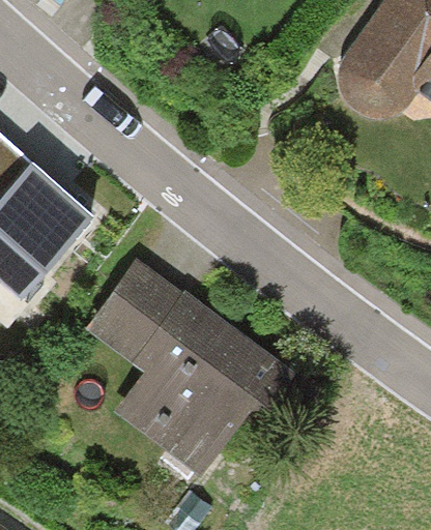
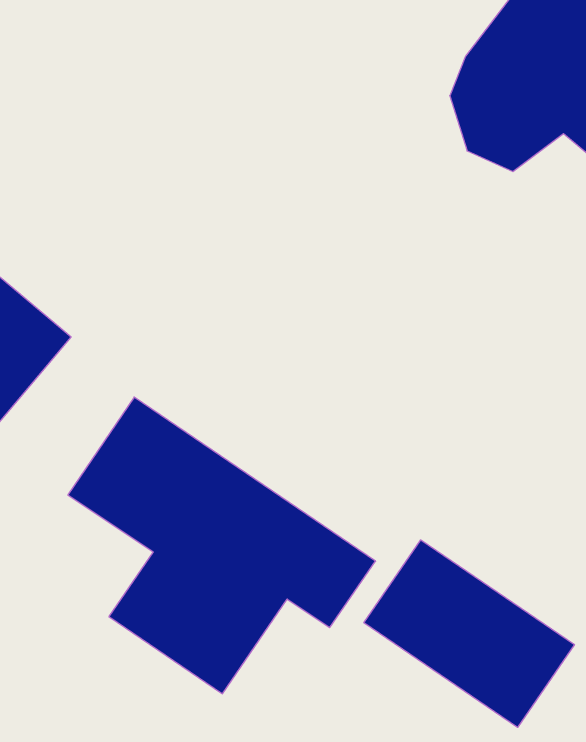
building: none -> [364,540,574,727]

